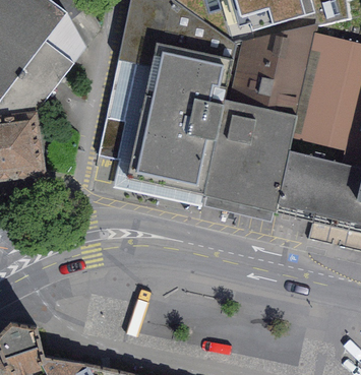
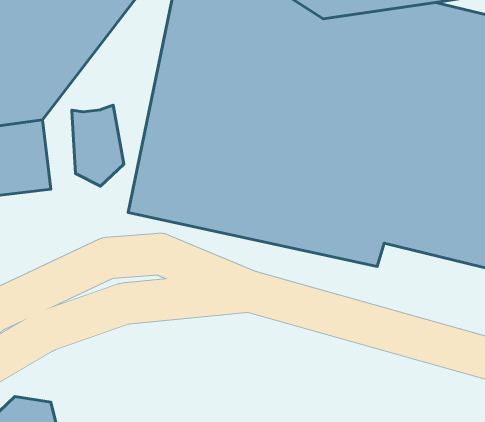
building: none -> [72,105,124,186]

